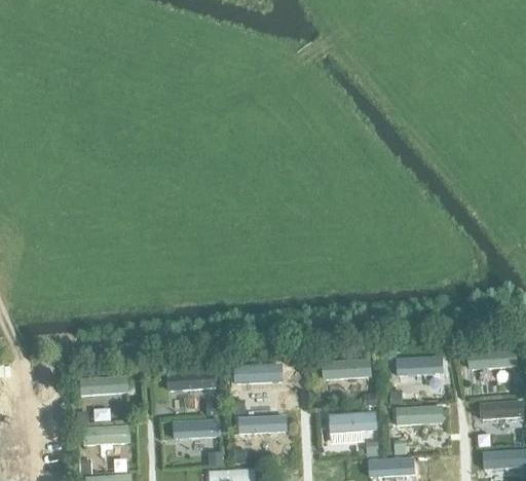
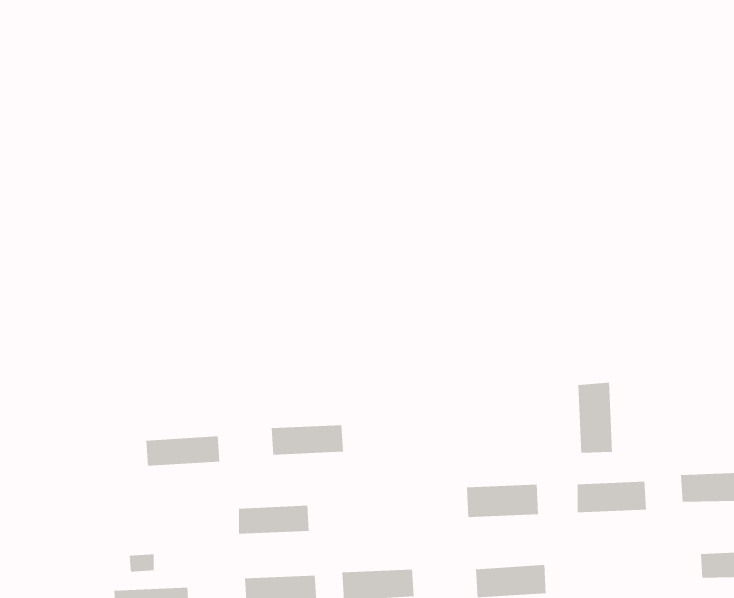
building: none -> [578,382,613,454]
building: [233,363,283,383] -> [271,425,344,455]
building: [78,375,128,396] -> [146,436,220,466]
building: [397,405,444,427] -> none

